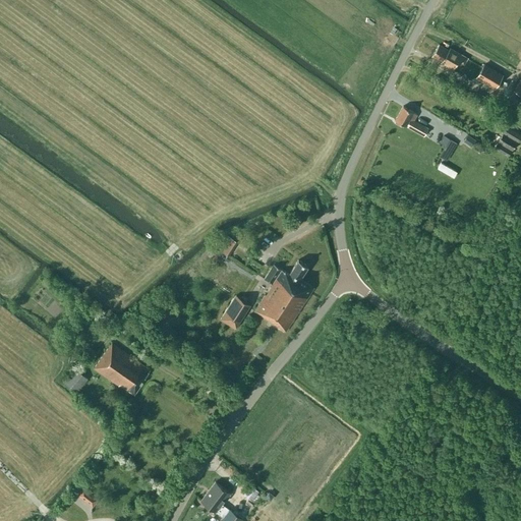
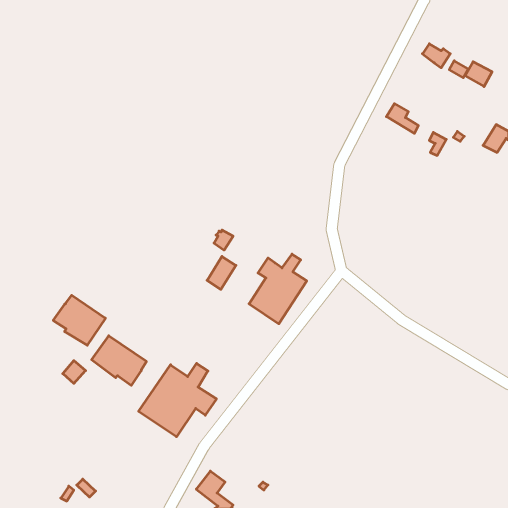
building: [222,295,251,329] -> [207,256,236,289]
building: none -> [53,295,105,345]
building: none -> [139,363,216,437]

